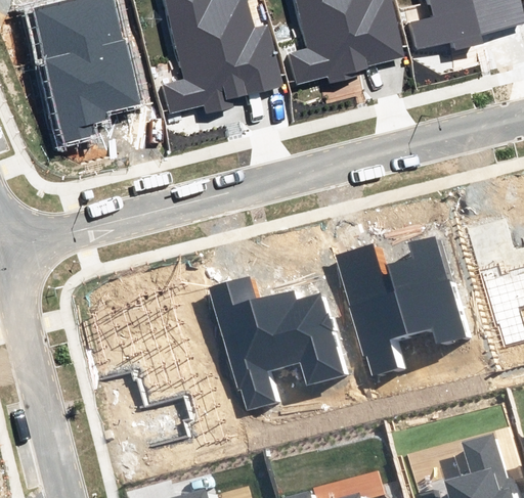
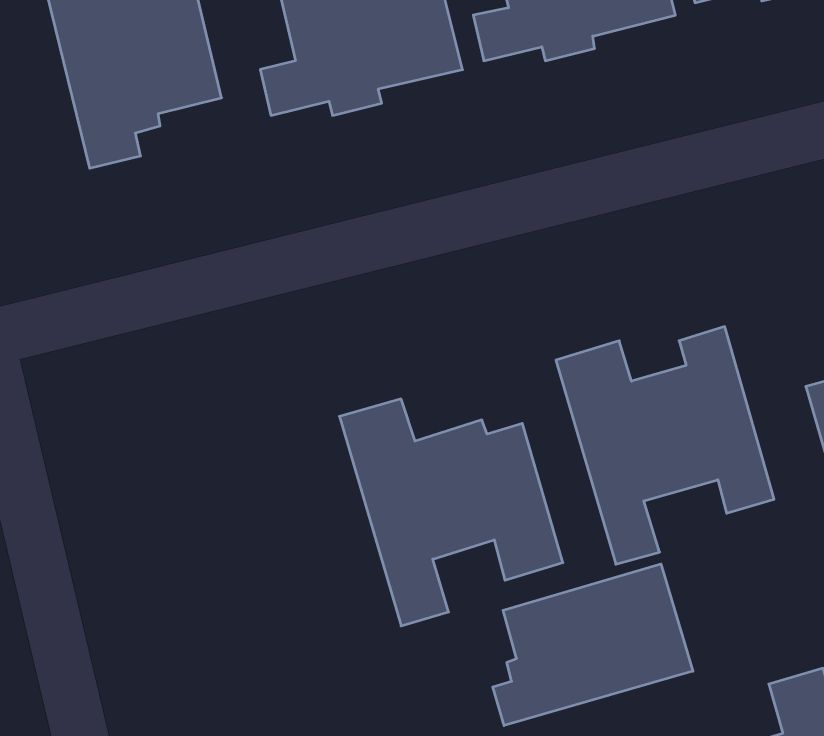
building: none -> [493,564,693,726]

